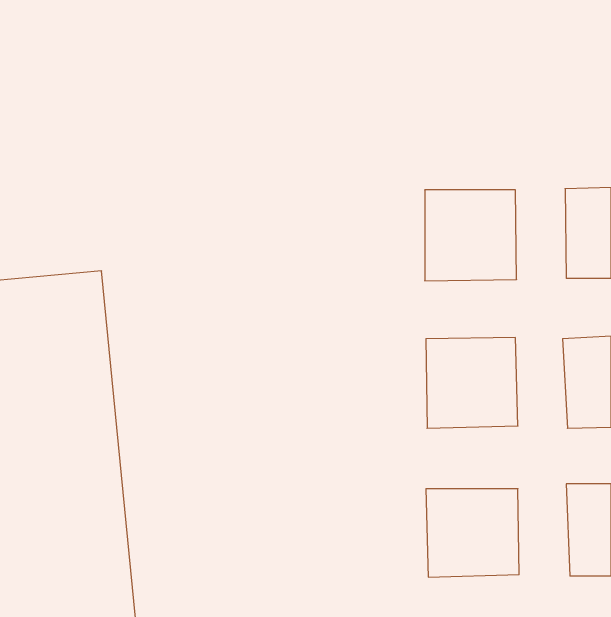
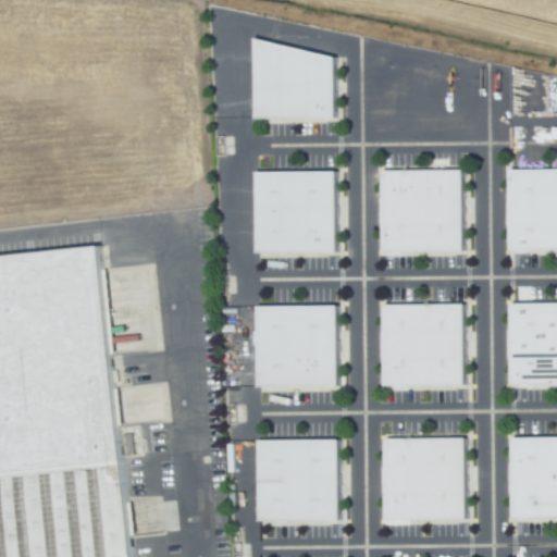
building: none -> [244,36,337,124]
building: none -> [253,172,336,253]
building: none -> [255,306,341,385]
building: none -> [257,441,341,522]

